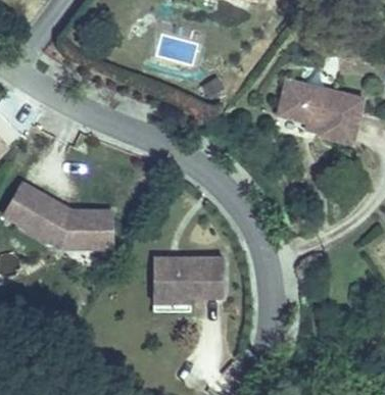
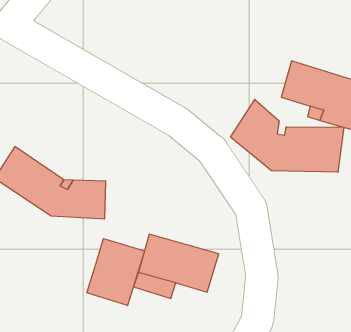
building: none -> [231,99,344,172]
building: none -> [87,239,145,306]

